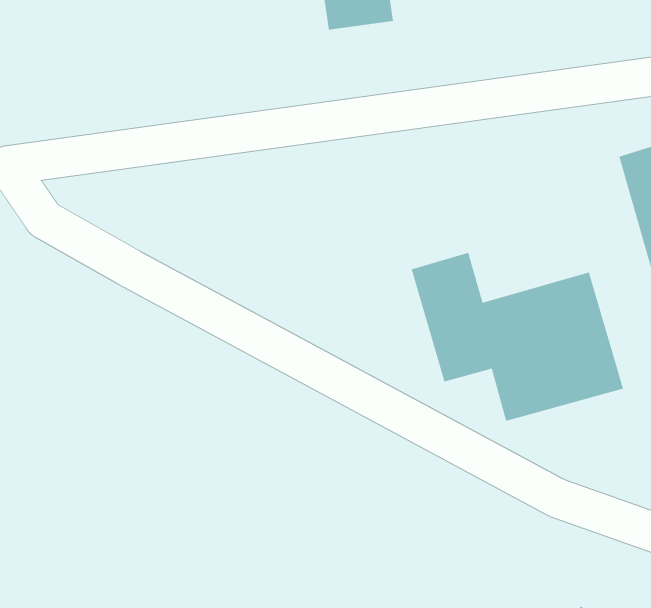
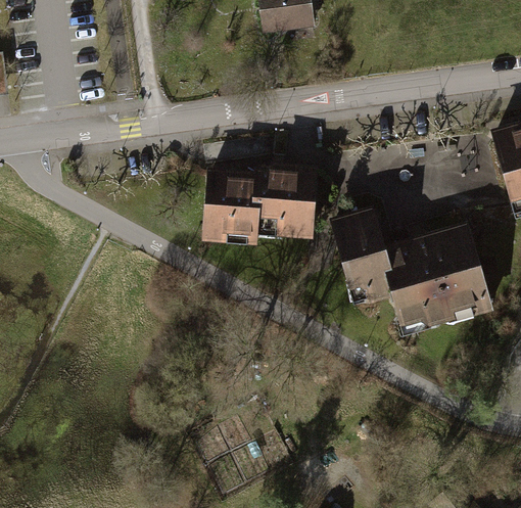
building: none -> [201,163,319,247]

